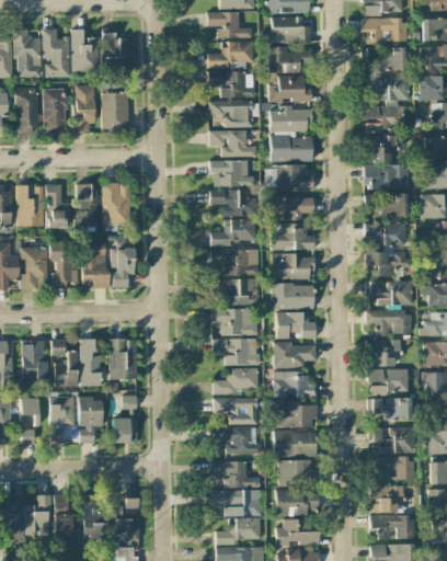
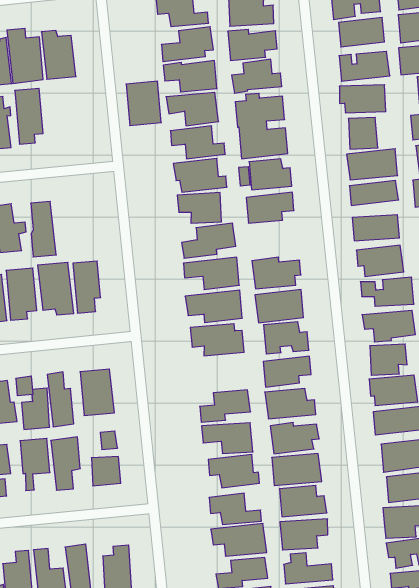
building: [101,91,129,128] -> [126,81,161,125]
building: [102,182,131,224] -> none
building: [271,224,314,250] -> none
building: [213,337,261,364] -> none

